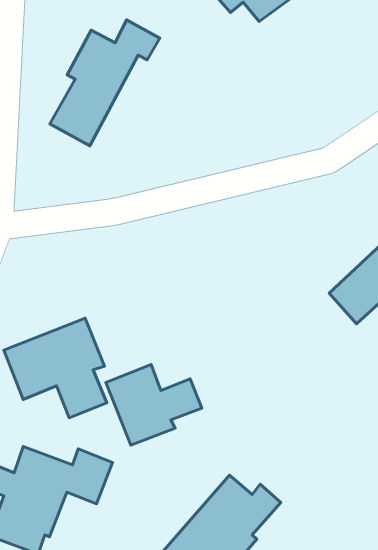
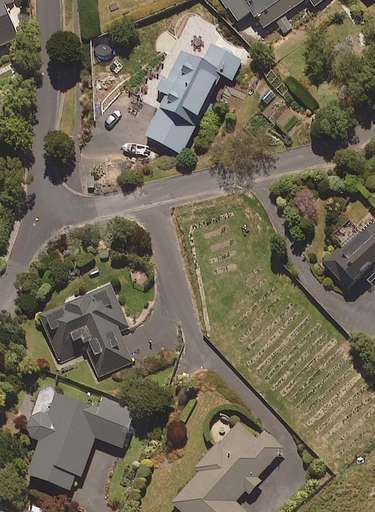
building: [50,20,160,146] -> [144,43,240,153]
building: [106,365,202,445] -> none

